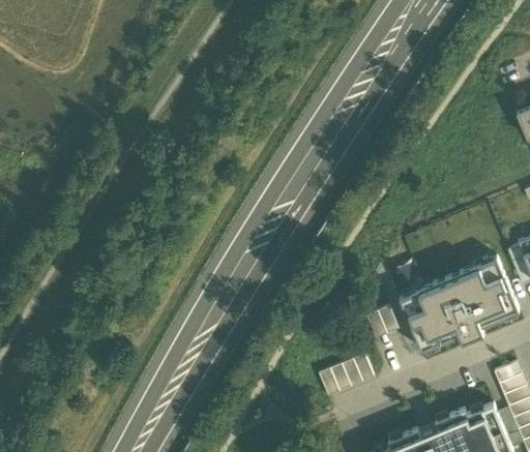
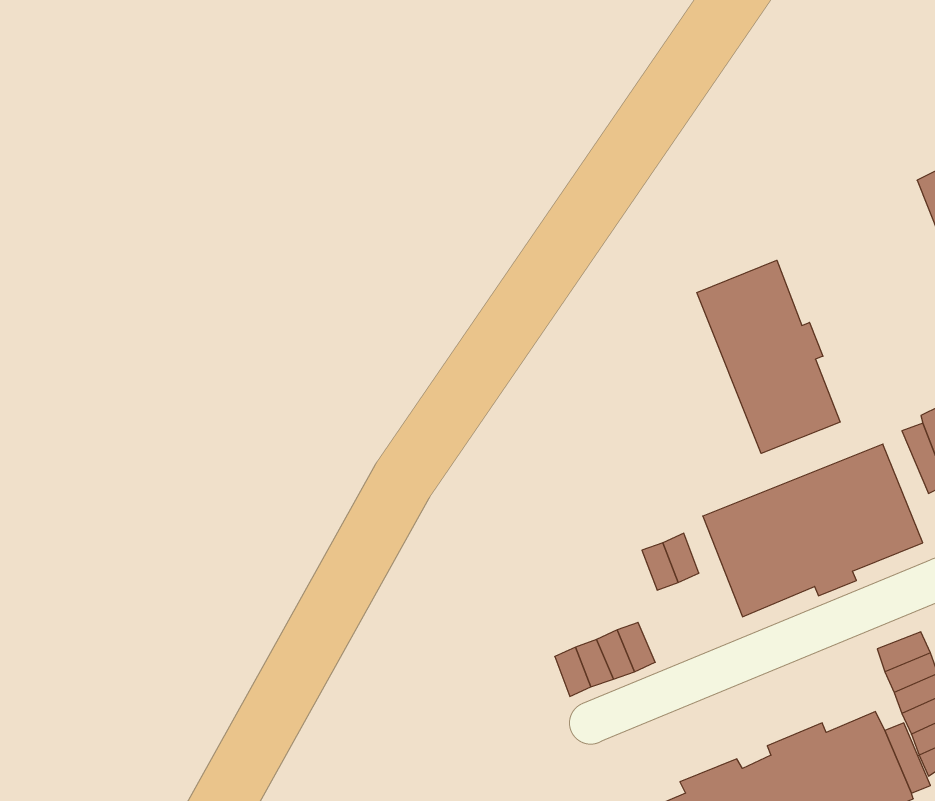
building: none -> [697,260,840,453]

